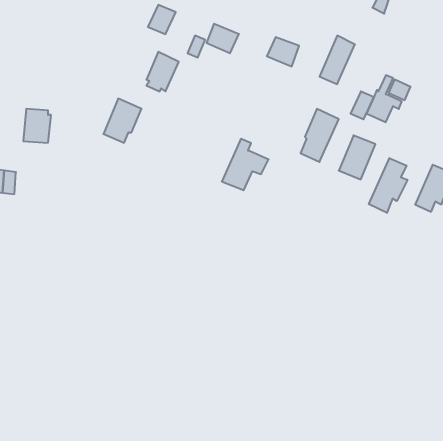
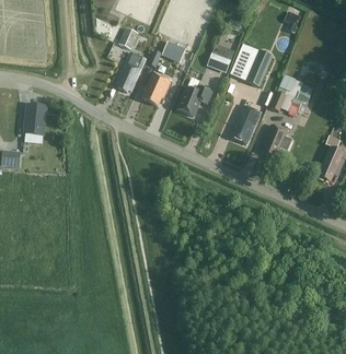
building: none -> [230,43,260,80]
building: [103,99,142,143] -> [142,71,171,104]
building: [222,139,269,190] -> [177,76,212,115]
building: [369,158,407,213] -> none

